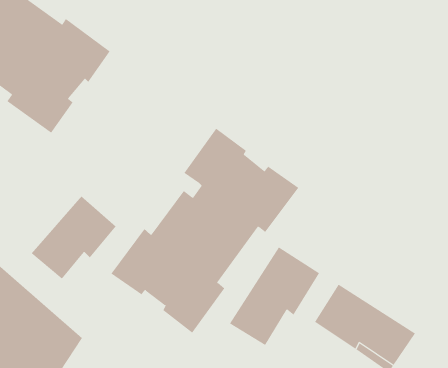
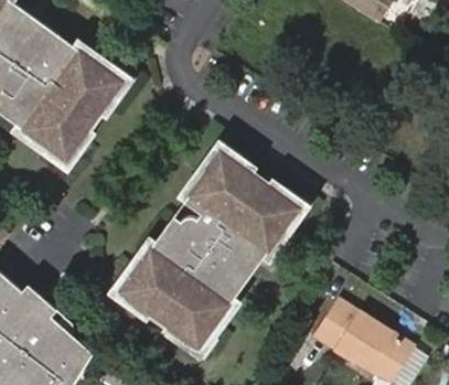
building: [31,196,117,279] -> none
building: [229,247,320,346] -> none

